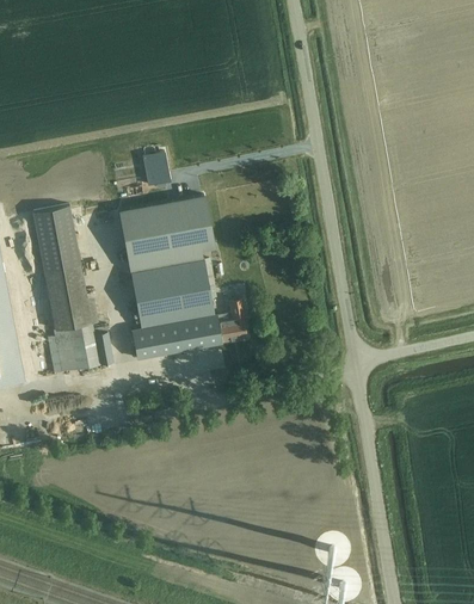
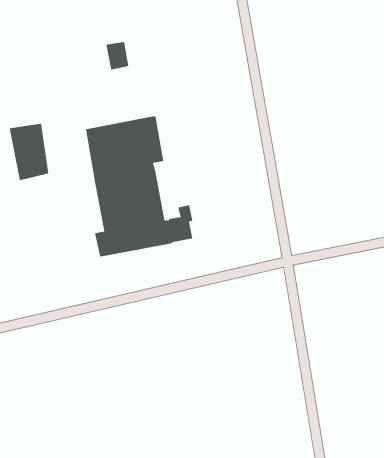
building: [142,154,170,187] -> [105,41,129,70]
building: [44,265,113,374] -> none

